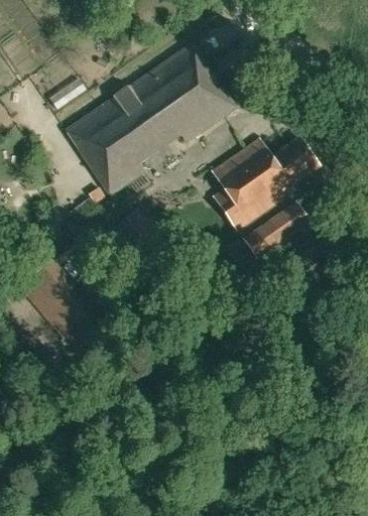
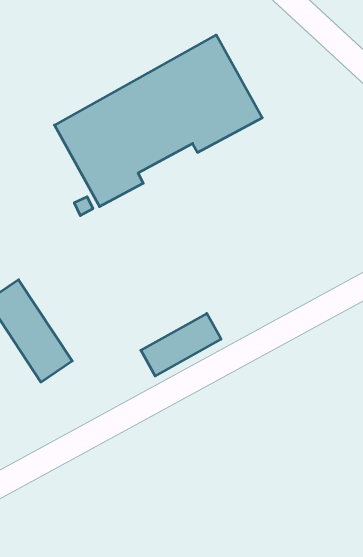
building: [213,138,317,230] -> none
building: [243,203,309,259] -> [141,313,221,376]

